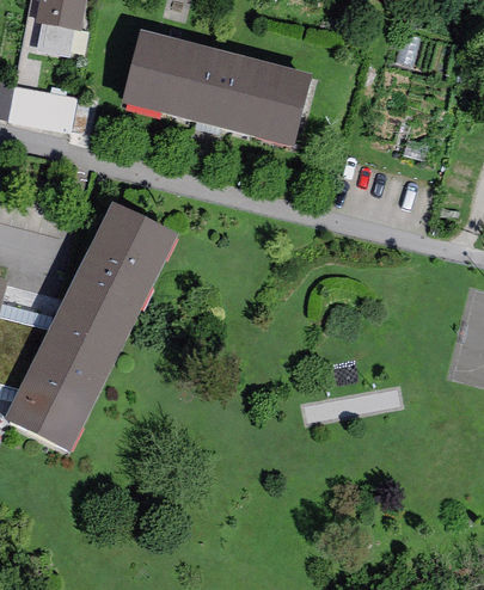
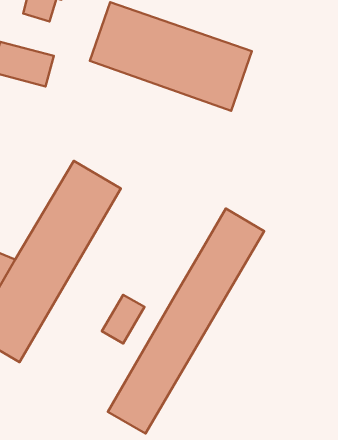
building: none -> [108,208,264,434]
building: none -> [102,295,144,343]

